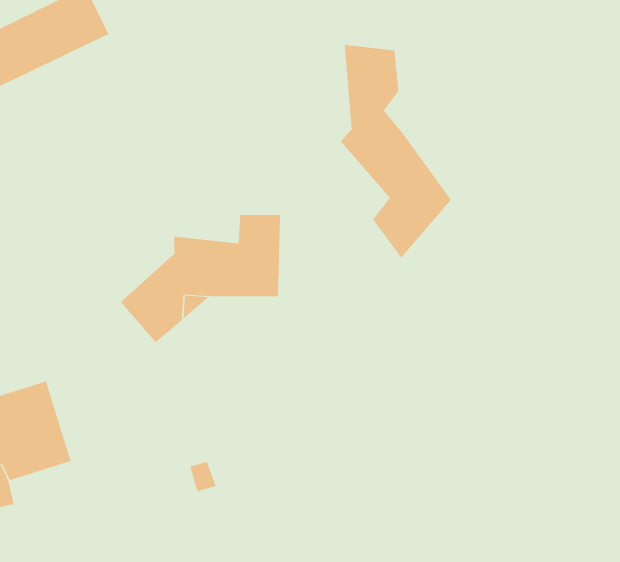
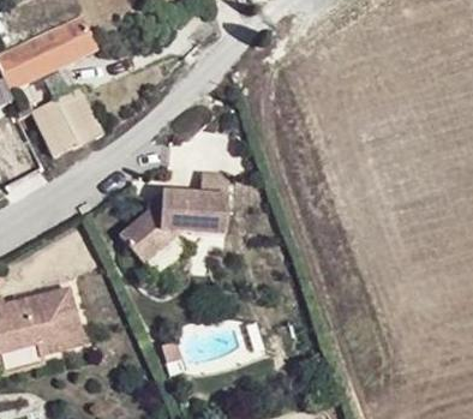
building: [340,44,452,259] -> none
building: none -> [37,89,104,155]

